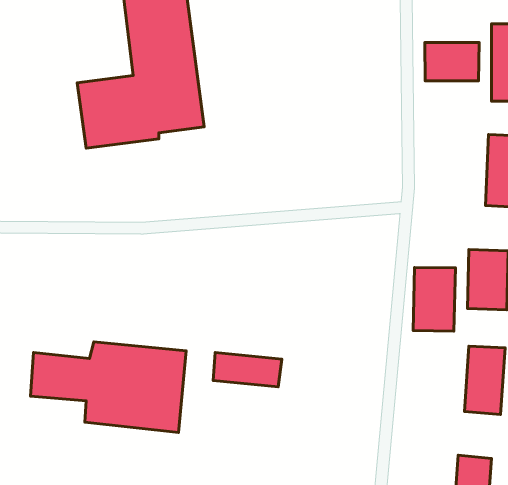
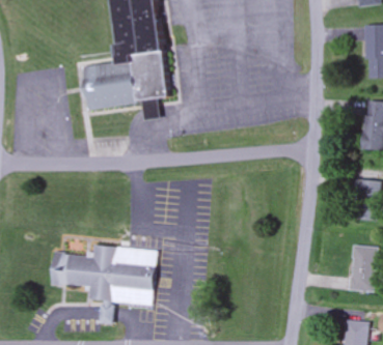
building: [425,42,479,81] -> none
building: [413,267,456,331] -> none
building: [213,353,282,387] -> none

